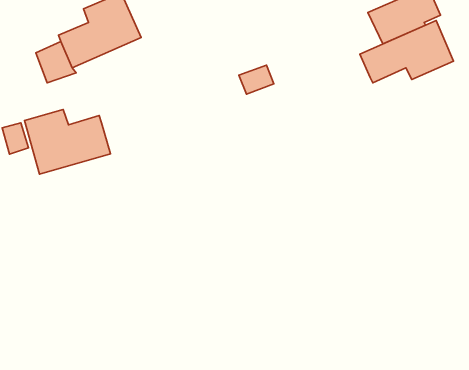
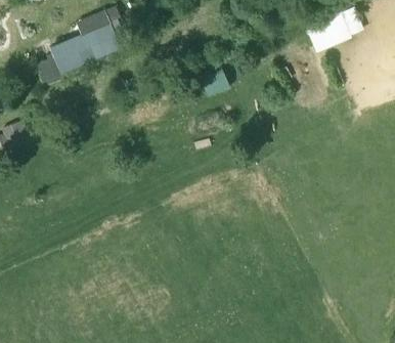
building: [360,21,454,83] -> none
building: [25,109,110,174] -> none

